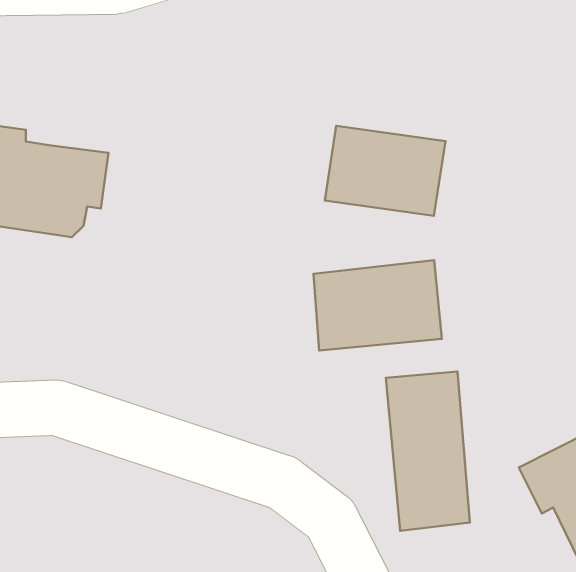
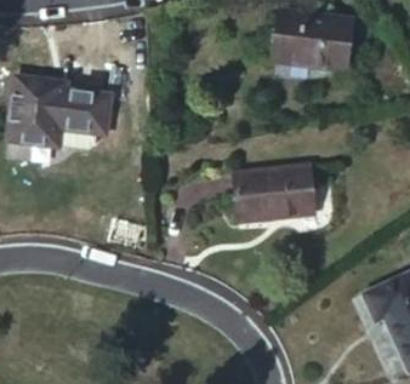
building: [325,126,445,216] -> [275,13,352,70]
building: [386,371,470,531] -> none

